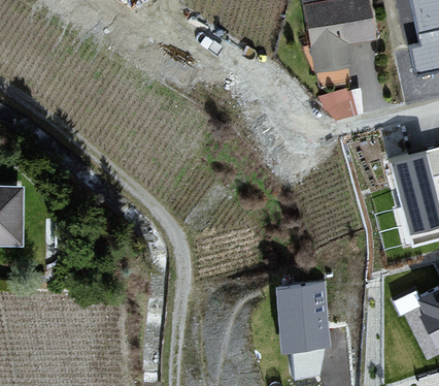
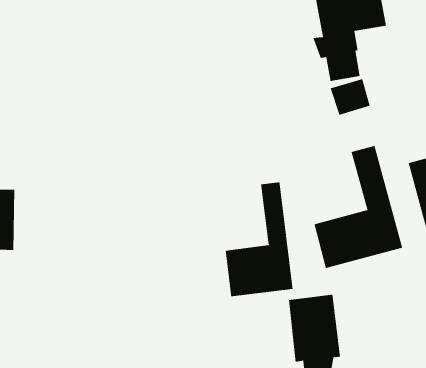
building: none -> [314,145,403,269]
building: none -> [225,181,293,297]

